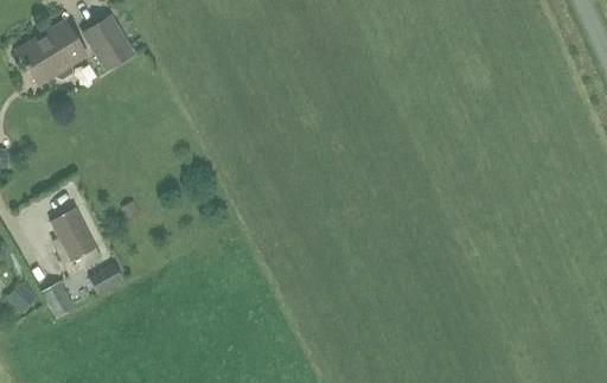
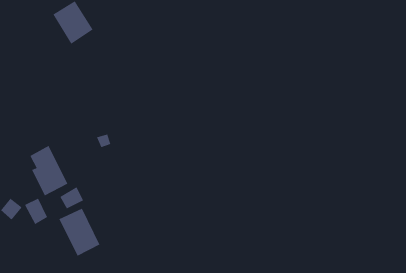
building: [23,23,85,82] -> none
building: none -> [58,208,100,256]

